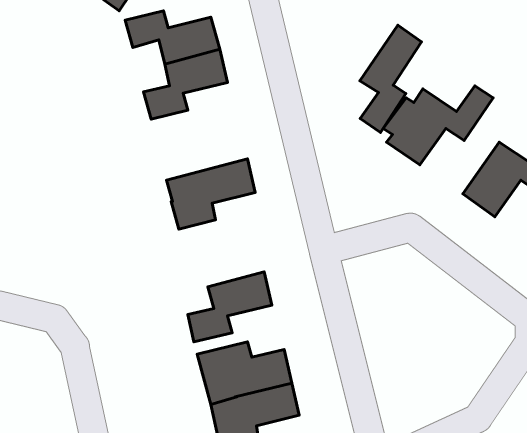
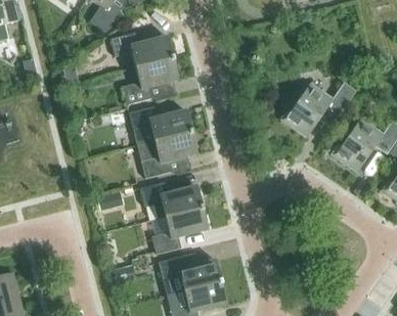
building: [360,25,422,133] -> none
building: none -> [129,105,191,145]
building: none -> [139,181,203,218]

